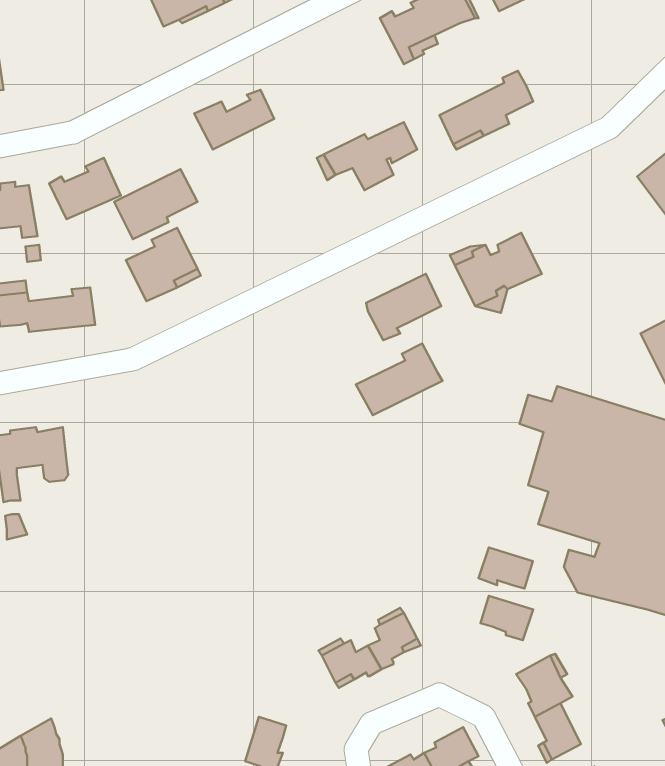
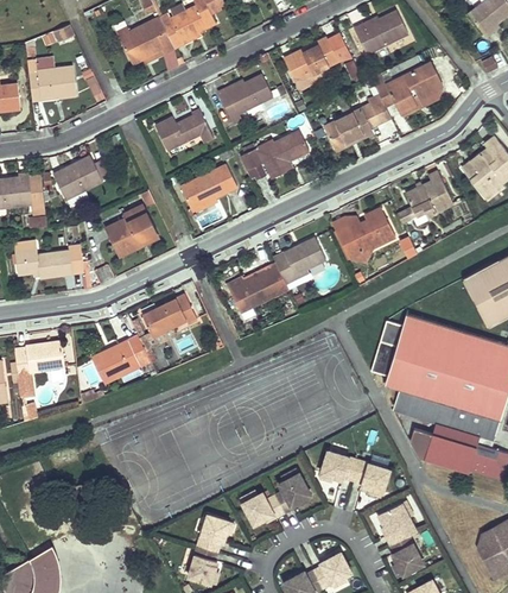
building: none -> [376,62,443,113]
building: none -> [28,65,76,100]
building: none -> [218,74,272,118]
building: [114,169,198,239] -> [179,164,237,213]
building: none -> [405,171,453,217]
building: [356,343,443,415] -> [228,263,288,313]
building: none -> [141,298,197,336]
building: none -> [90,334,150,383]
building: [478,548,533,589] -> [320,452,358,480]
building: none -> [198,515,229,551]

